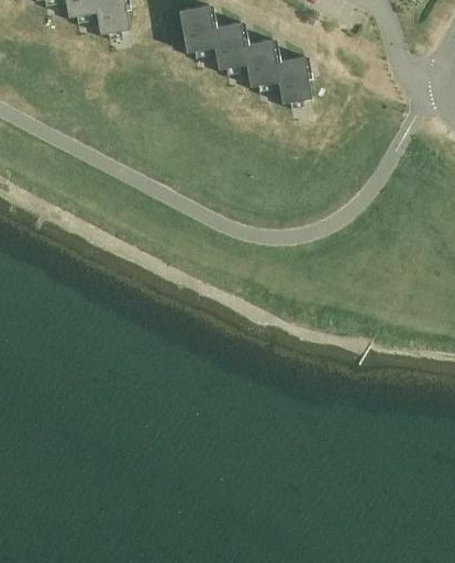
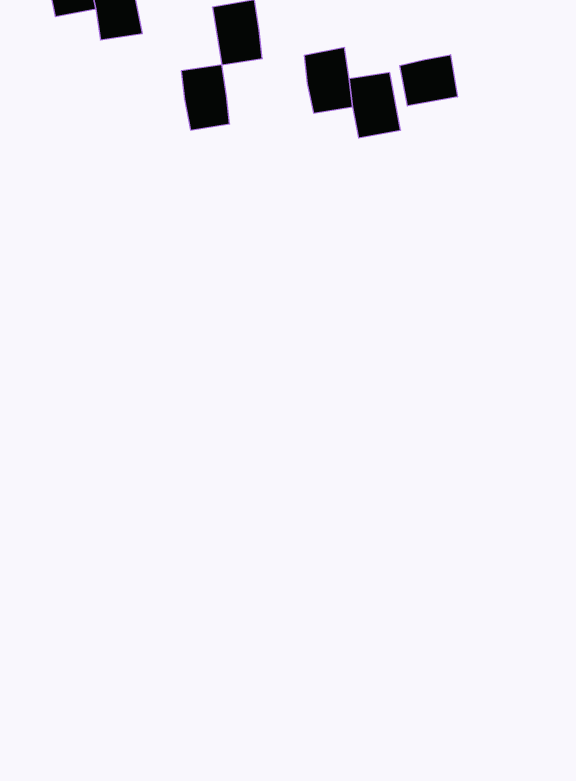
building: [212,22,246,68] -> [181,65,230,130]
building: none -> [400,55,457,106]

